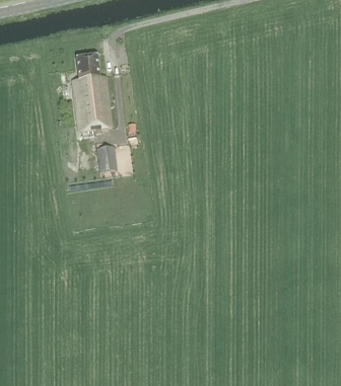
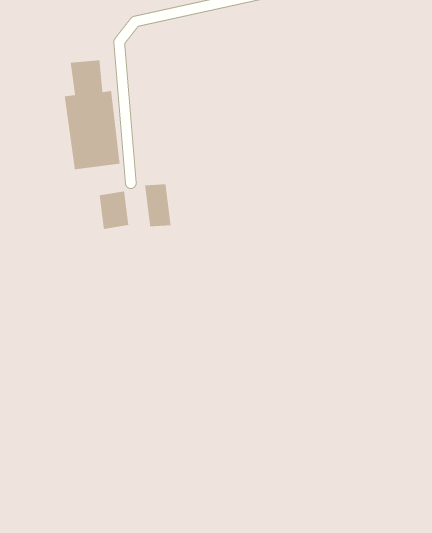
building: none -> [144,184,171,227]

